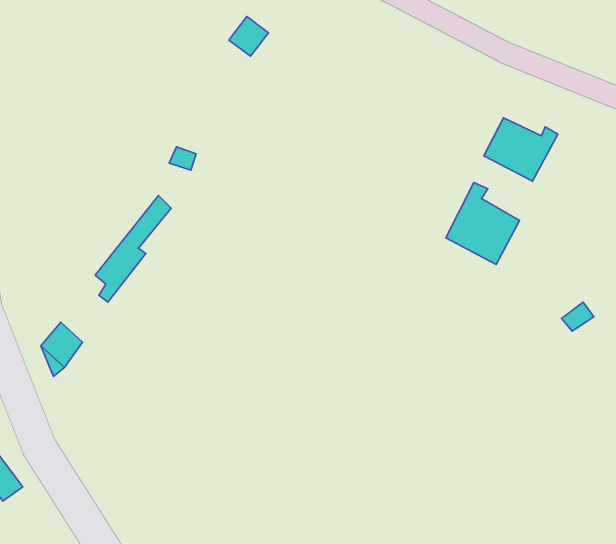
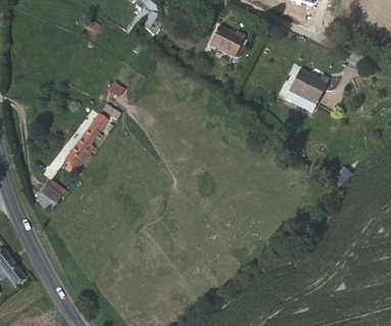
building: none -> [208,26,242,54]
building: [446,182,519,265] -> none

